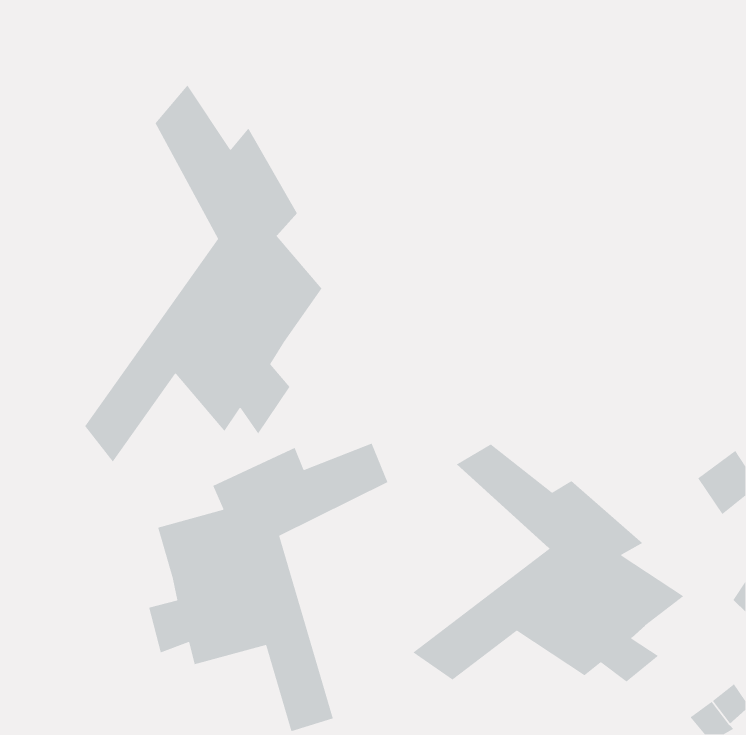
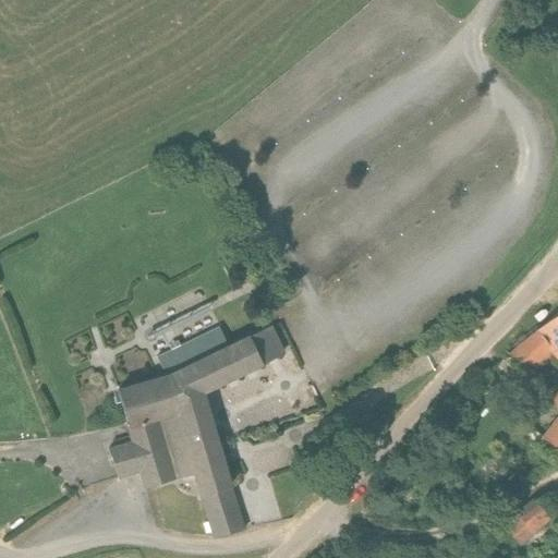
building: [84,84,322,463] -> none
building: [412,443,684,683] -> none

